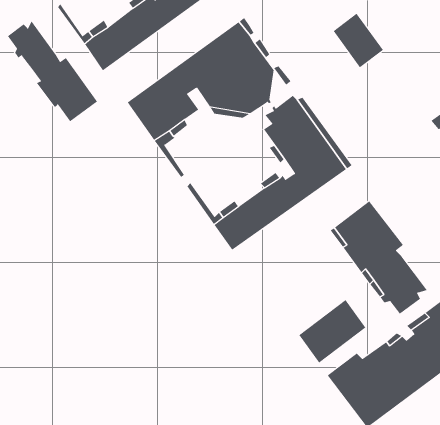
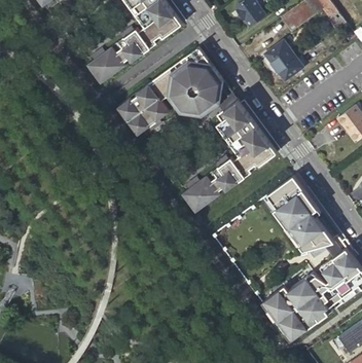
building: [7,21,98,122] -> none
building: [299,299,366,364] -> none

